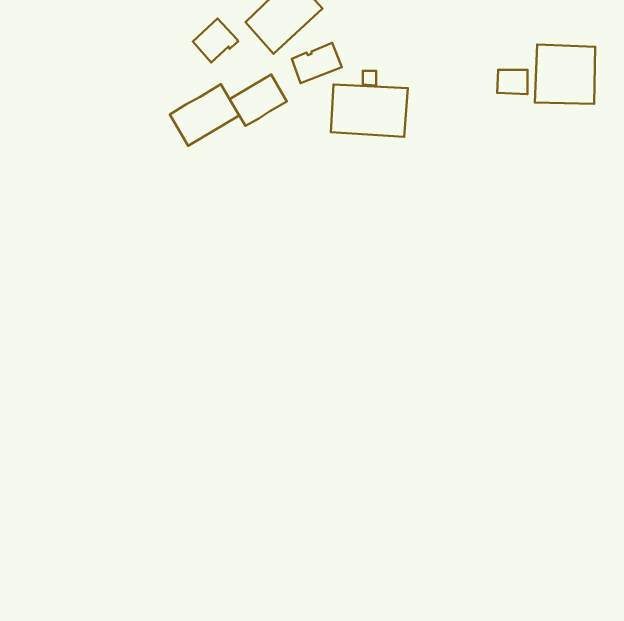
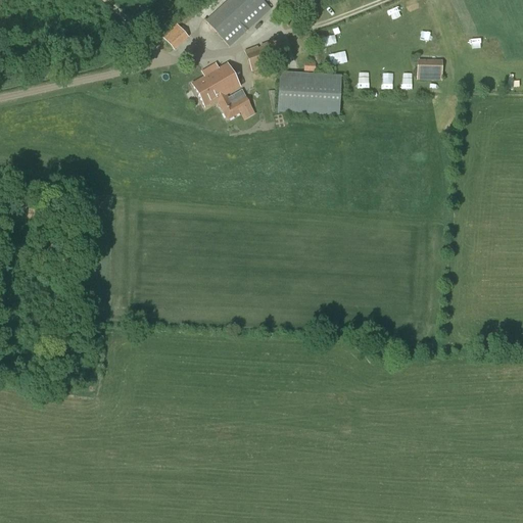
building: [535,45,595,104] -> none
building: [170,84,239,146] -> none
building: none -> [217,88,250,117]

